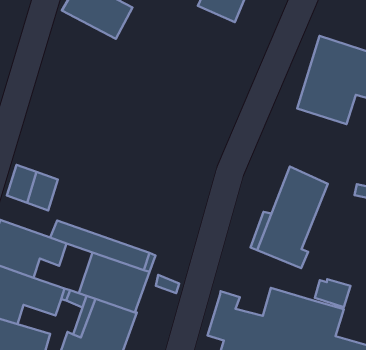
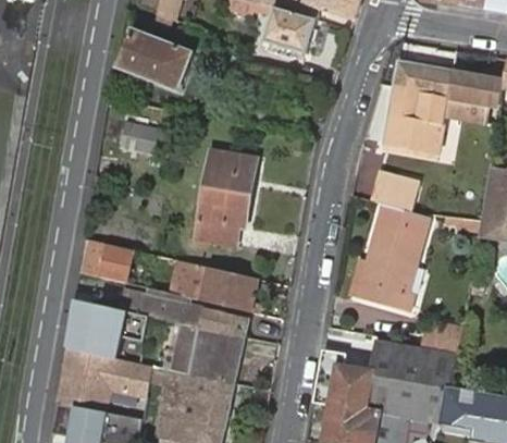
building: none -> [118,122,168,155]
building: none -> [195,151,256,244]
building: none -> [378,175,423,212]
building: none -> [172,260,258,315]

